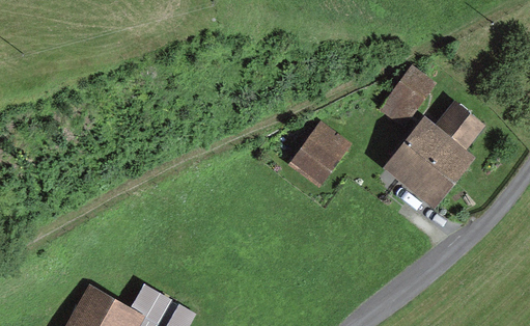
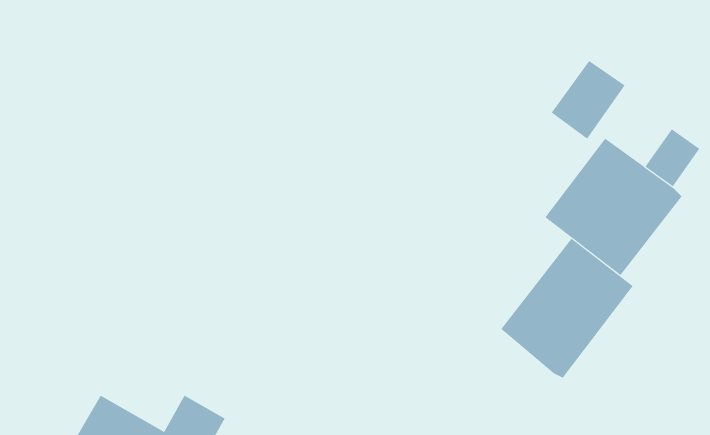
building: [289,123,348,184] -> none
building: none -> [500,238,634,378]

